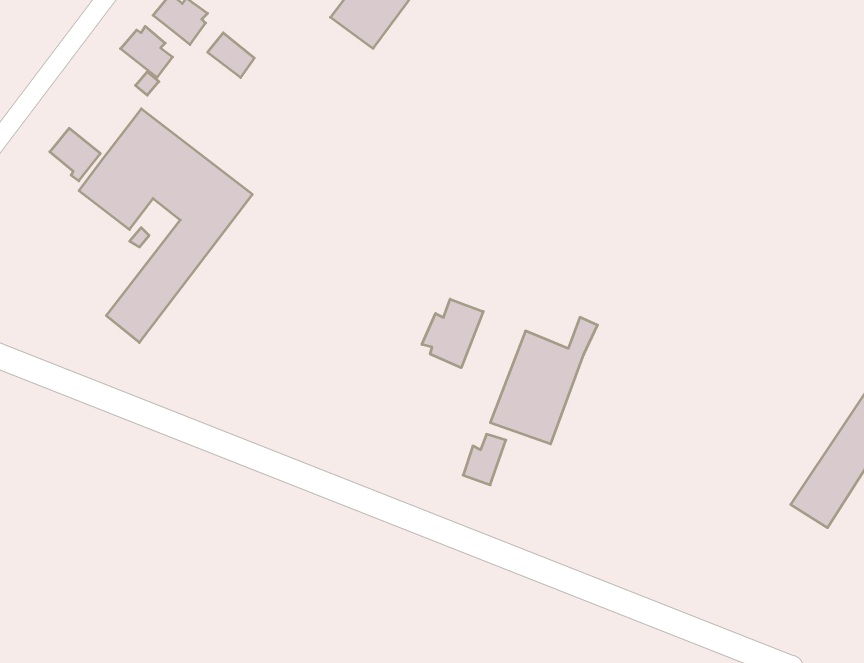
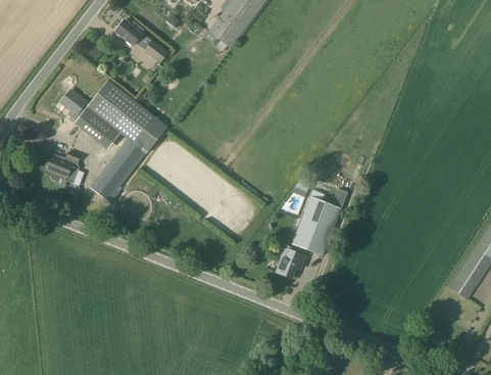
building: [120,26,173,78] -> none
building: none -> [47,151,81,183]
building: [422,299,483,368] -> none

